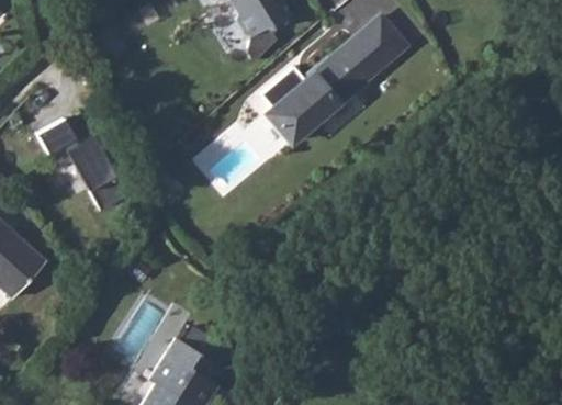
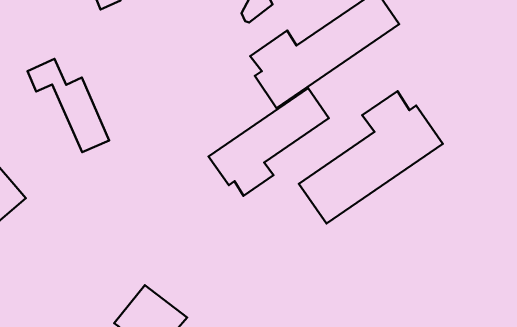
building: none -> [299,91,443,223]
building: none -> [209,88,329,196]

